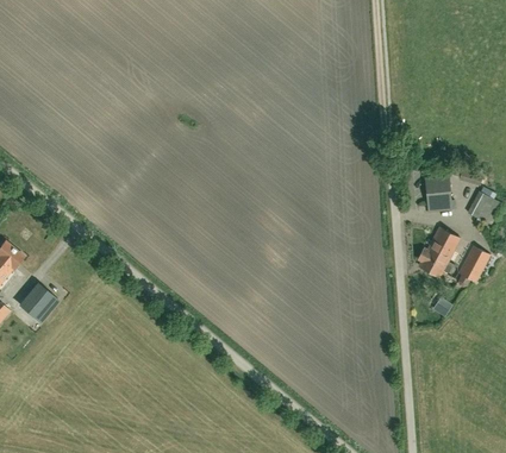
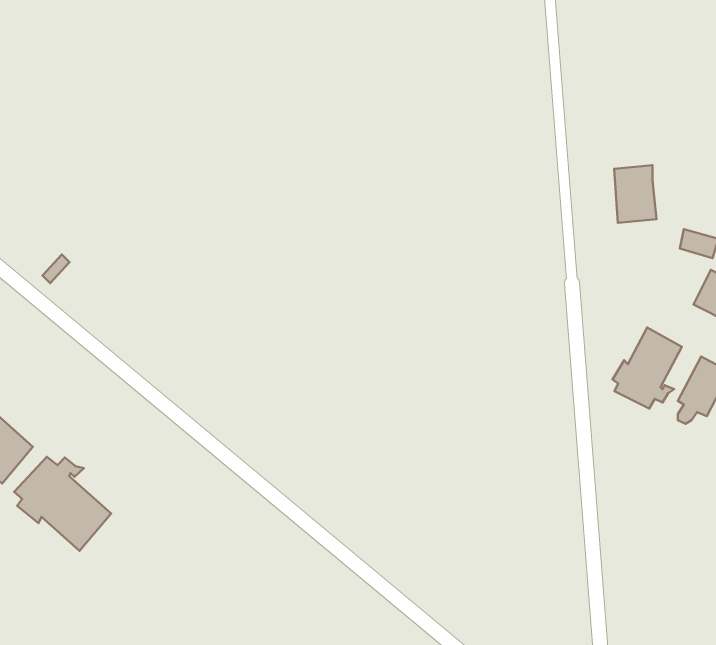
building: [425,176,451,212] -> [614,165,656,223]
building: none -> [14,457,111,551]

